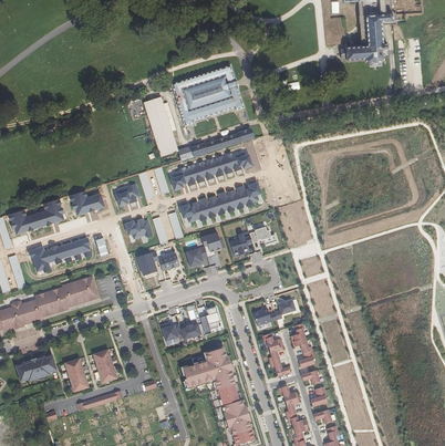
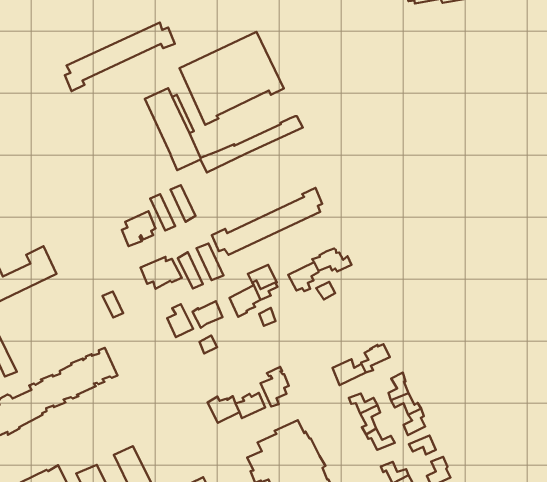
building: [170,149,252,190] -> [65,22,175,91]
building: [71,190,105,215] -> none
building: [30,237,92,272] -> none

